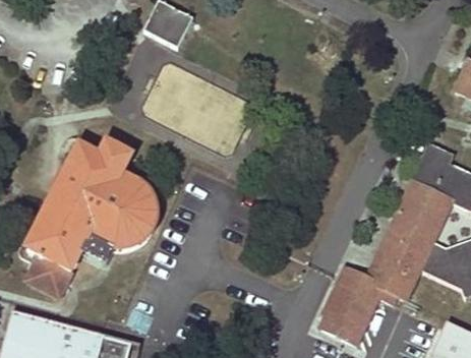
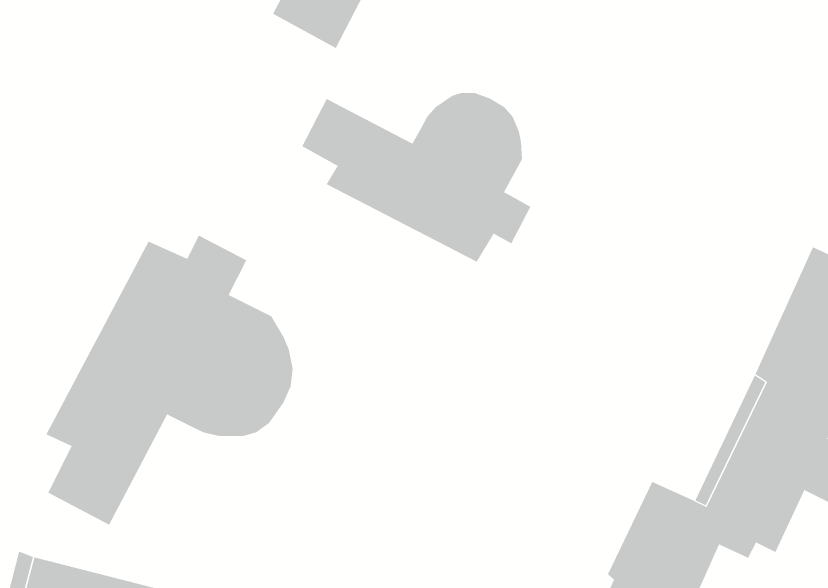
building: none -> [302,92,531,263]

